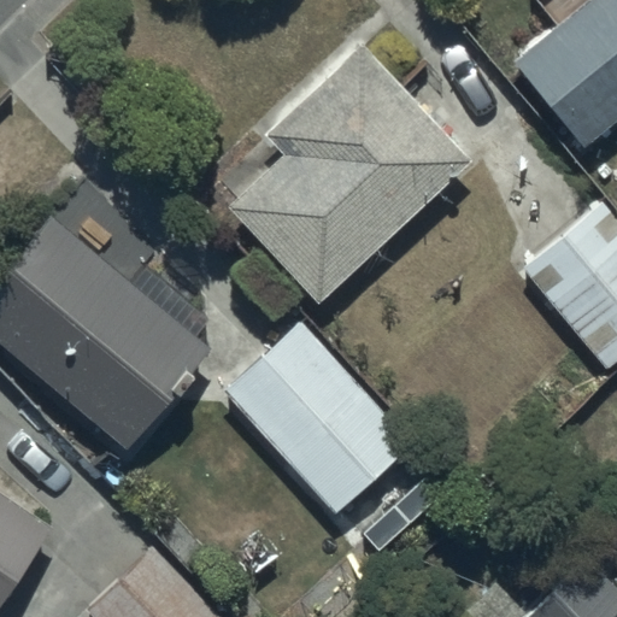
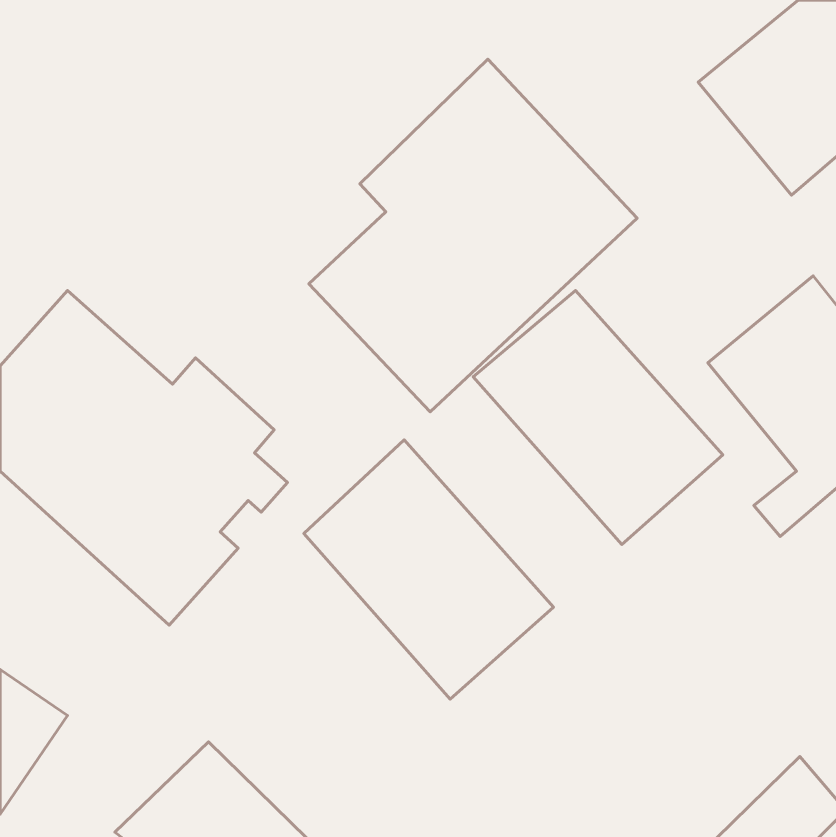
building: none -> [473,291,723,544]

